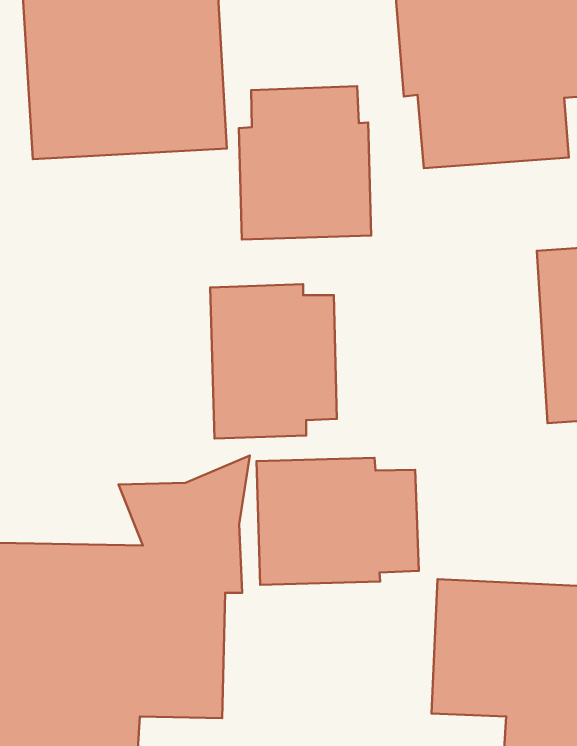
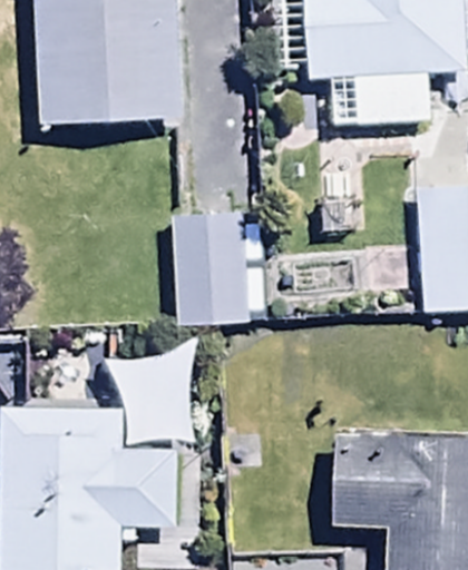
building: [239,86,371,239] -> none
building: [256,458,419,585] -> none

